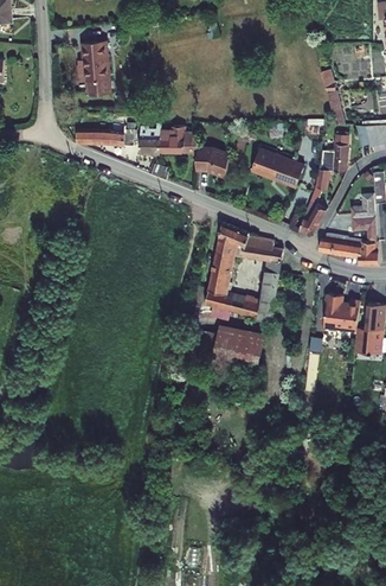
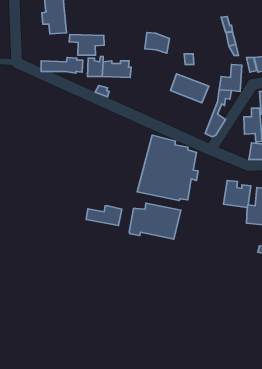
building: none -> [69,34,104,55]
building: [195,144,229,172] -> [145,32,169,53]
building: [319,231,361,255] -> none
building: none -> [86,206,122,226]

